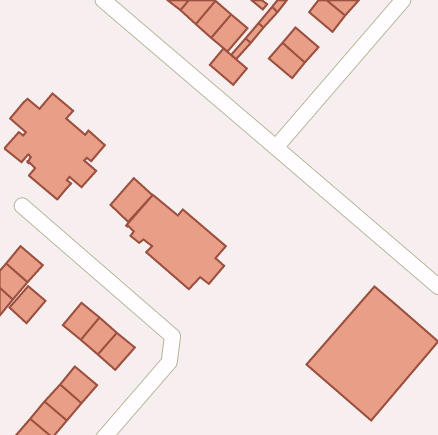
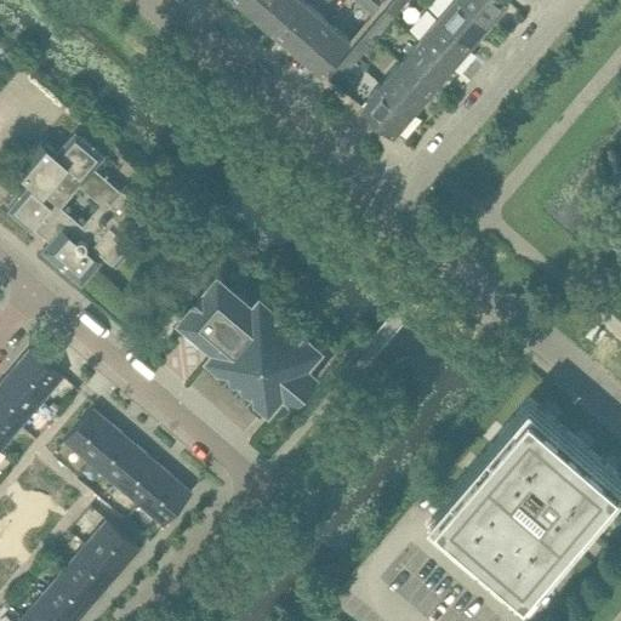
building: none -> [417,22,469,72]
building: [210,49,247,85] -> [360,87,412,138]
building: [111,178,153,222] -> none
building: [9,286,45,323] -> [64,412,115,465]

